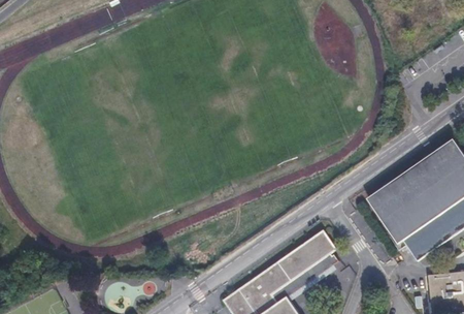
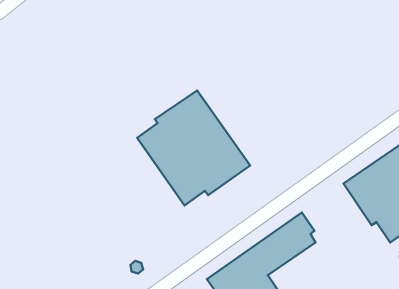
building: none -> [137,91,250,206]

